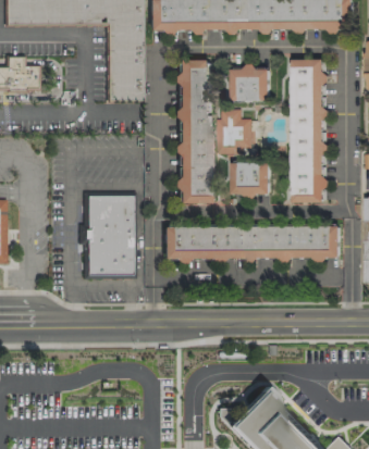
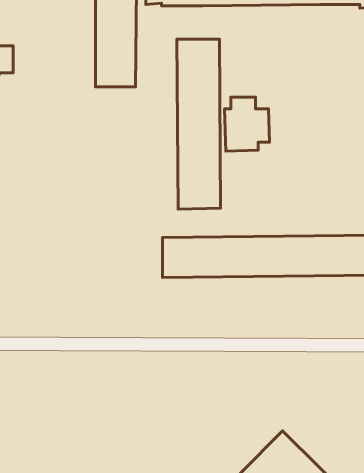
building: [294,59,328,202] -> none
building: [233,66,272,101] -> none
building: [233,162,272,197] -> none
building: [86,196,132,275] -> none

